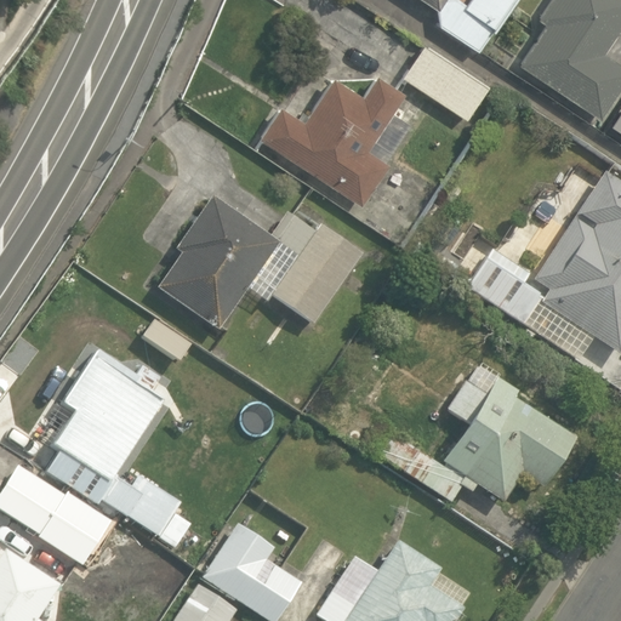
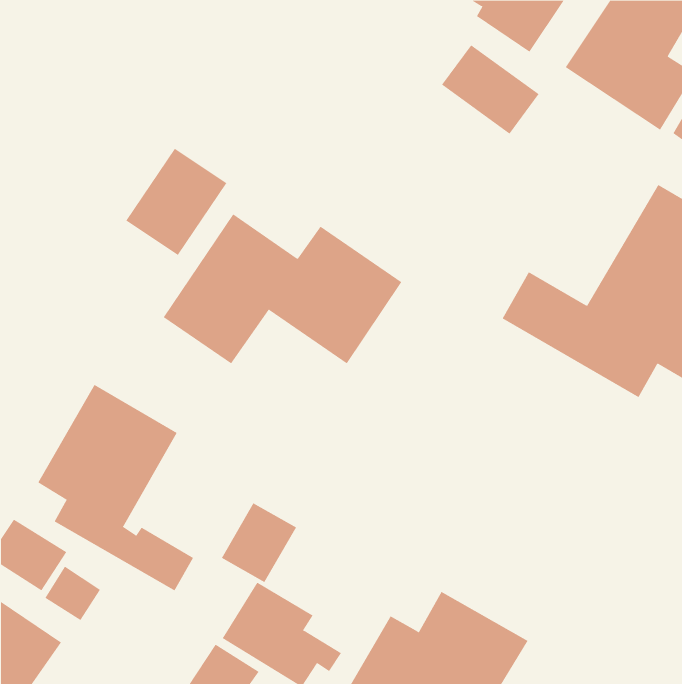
building: [257,68,412,203] -> none
building: none -> [126,148,227,256]
building: [363,352,575,507] -> none
building: none -> [221,502,297,583]

